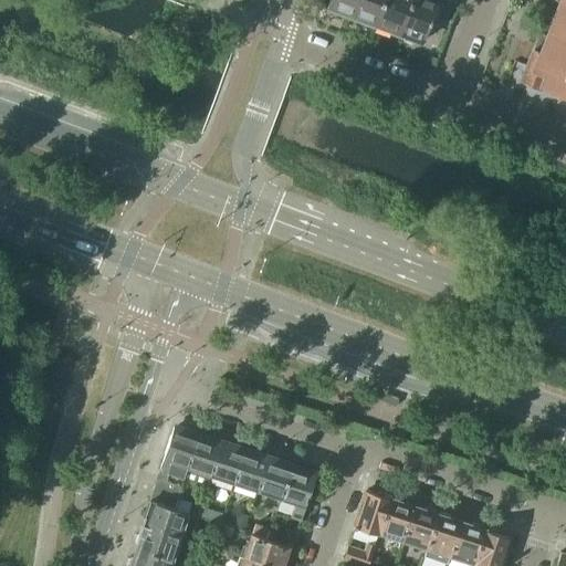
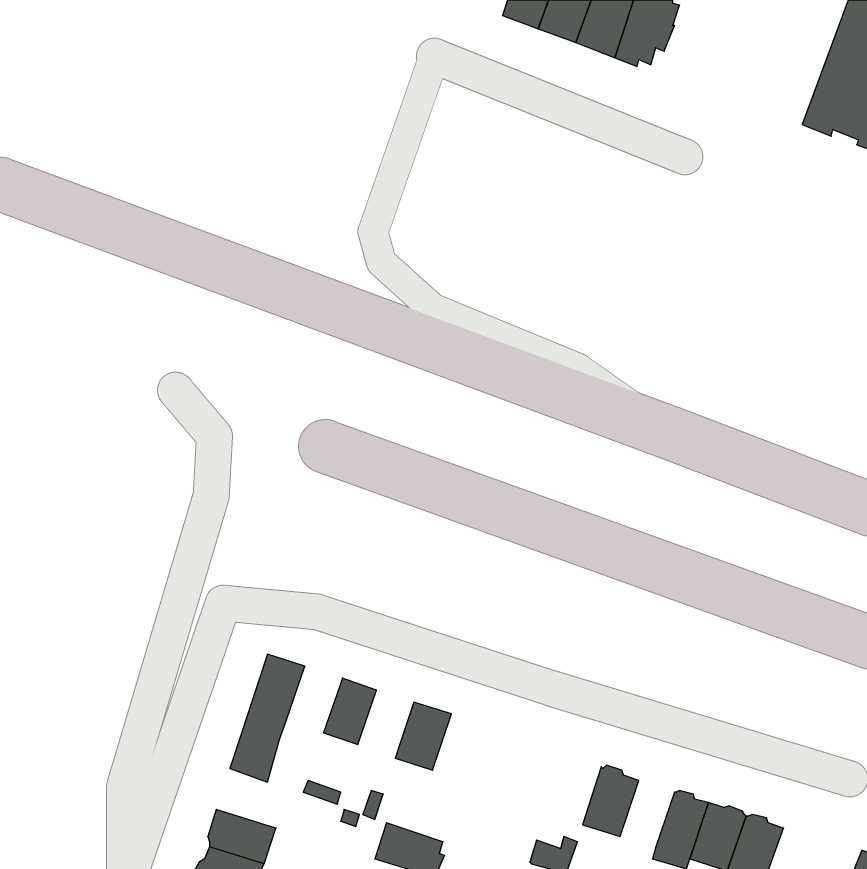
building: [184,433,224,489] -> none
building: [234,449,271,493] -> none
building: [283,464,318,522] -> none
building: [356,492,392,537] -> none
building: [143,500,190,538] -> none
building: [405,507,440,551] -> none

